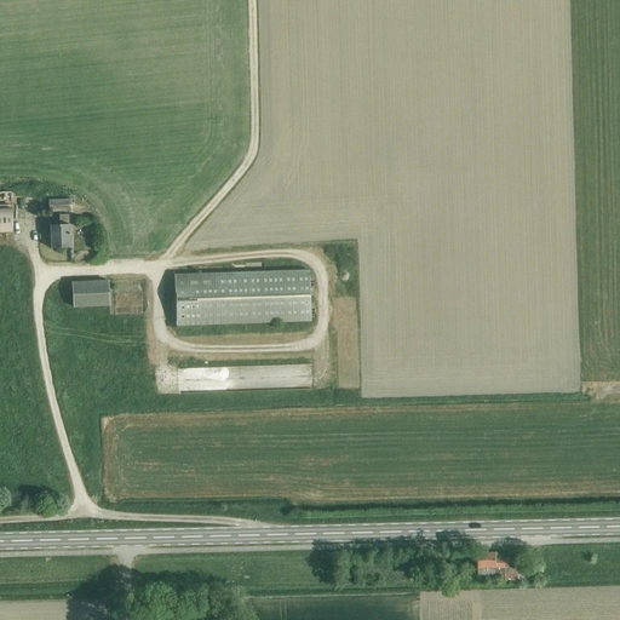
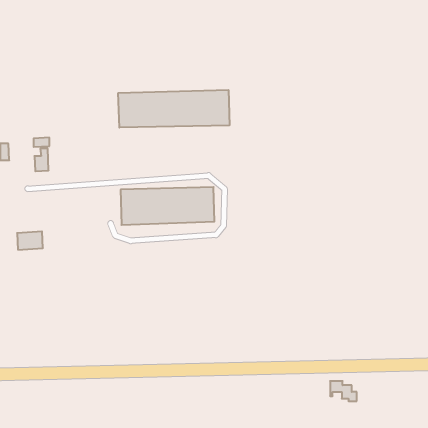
building: none -> [118,90,229,128]
building: [71,280,109,306] -> [17,231,43,250]

